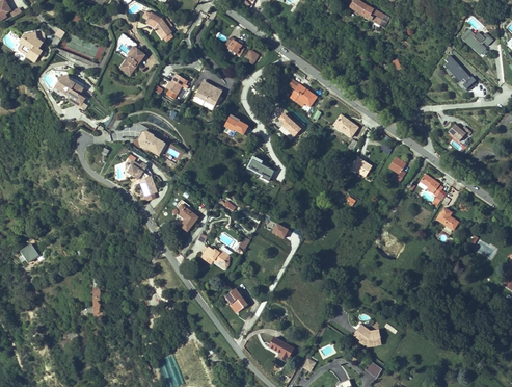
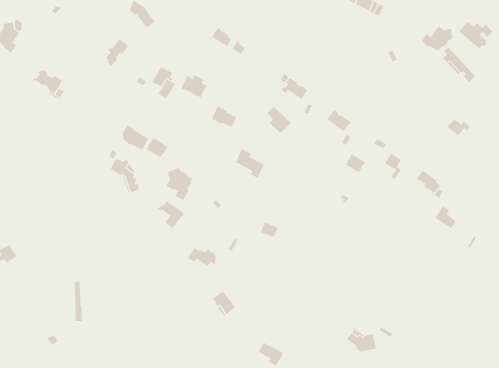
building: none -> [421,26,453,52]
building: none -> [166,167,193,200]

